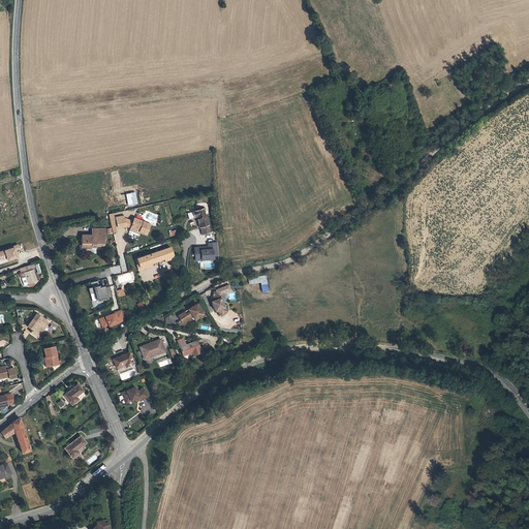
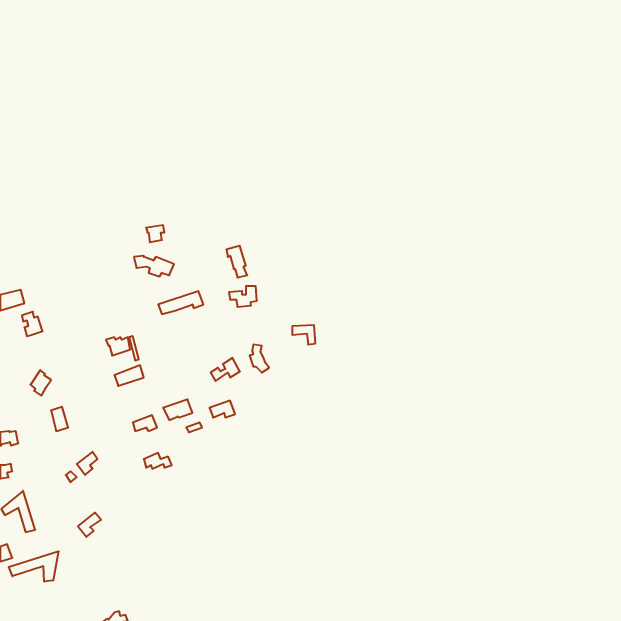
building: [81,229,107,251] -> none
building: none -> [9,551,59,582]

